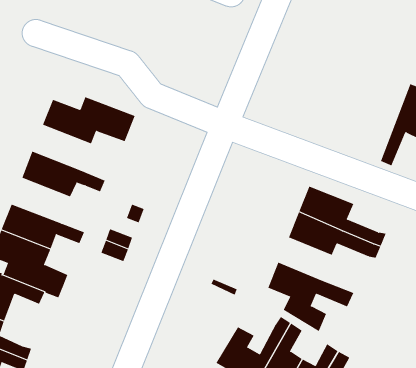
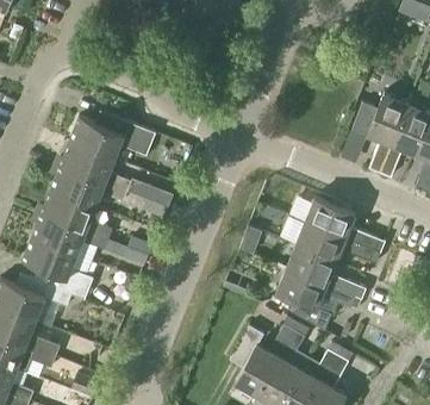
building: none -> [351,93,407,174]
building: none -> [60,141,172,207]
building: none -> [40,189,112,239]
building: none -> [286,244,367,299]

